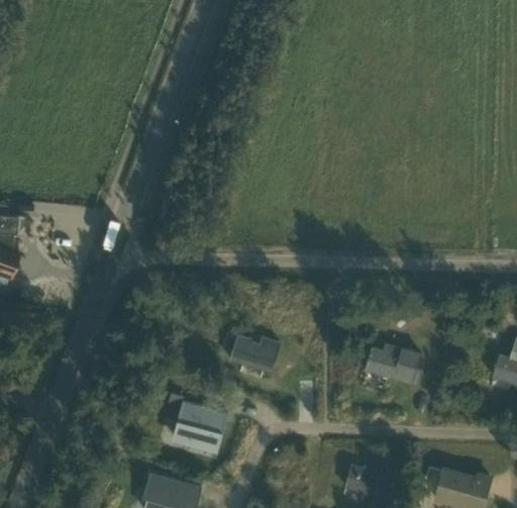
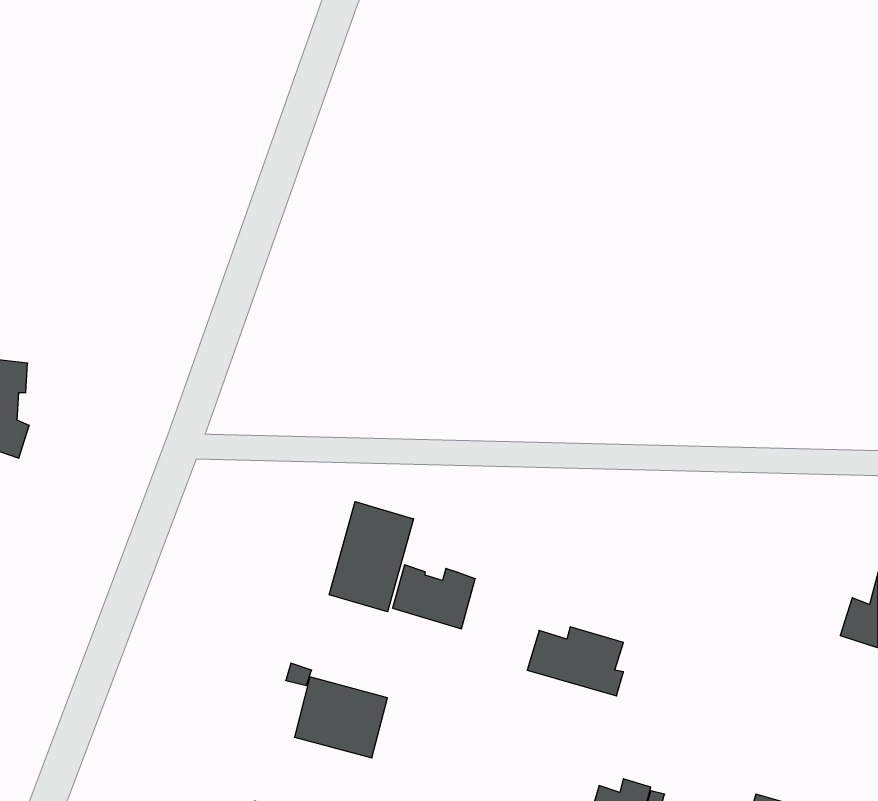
building: none -> [329,502,414,612]
building: [365,345,421,386] -> [527,627,623,696]

